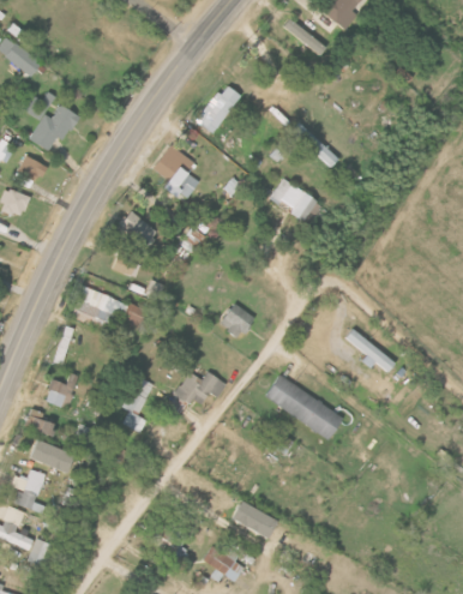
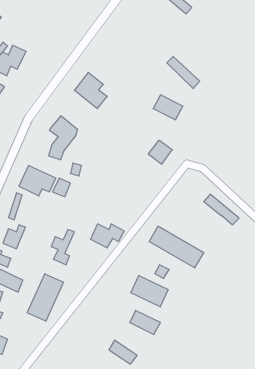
building: [197,83,241,132] -> none
building: [220,304,255,340] -> [148,140,172,164]
building: none -> [27,274,64,321]
building: none -> [131,275,168,307]

